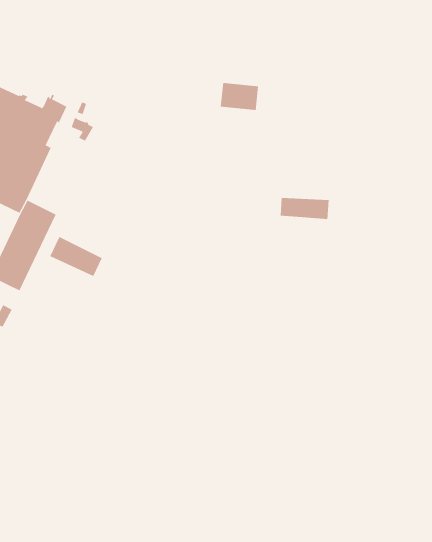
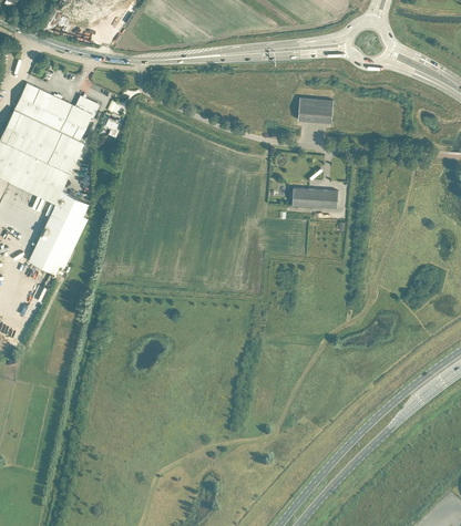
building: [220,83,259,111] -> [298,99,334,124]
building: [50,236,102,277] -> none

